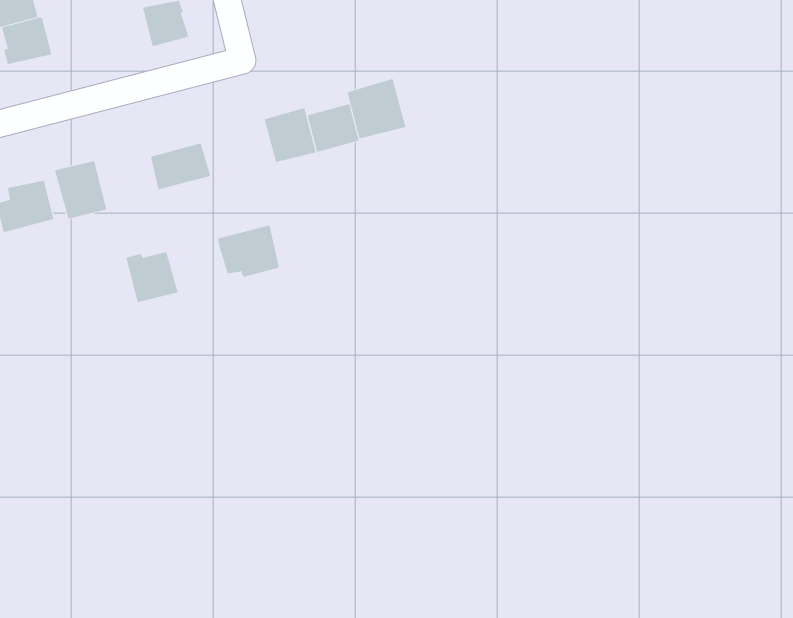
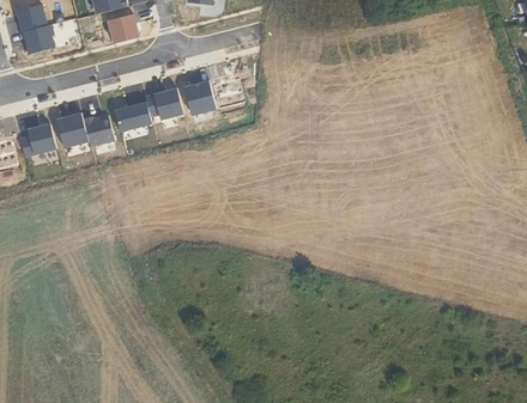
building: [347,78,406,139] -> none
building: [217,225,280,278] -> [144,87,182,120]
building: [126,251,179,302] -> [81,115,114,146]

